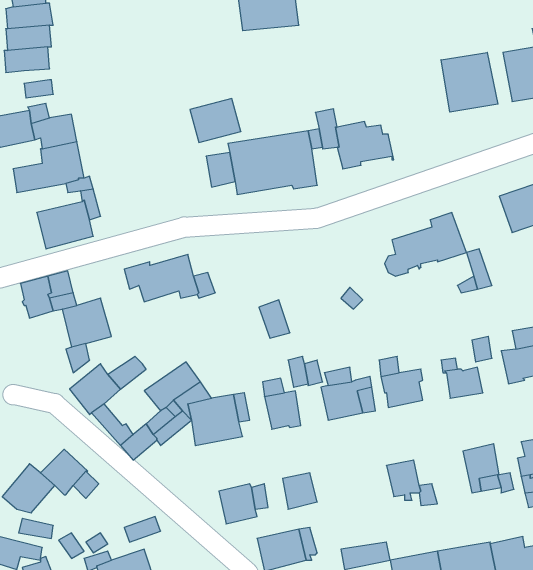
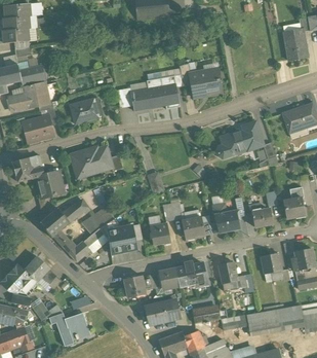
building: [441,52,498,112] -> none
building: [190,99,241,142] -> [70,99,98,123]
building: none -> [175,261,207,286]

